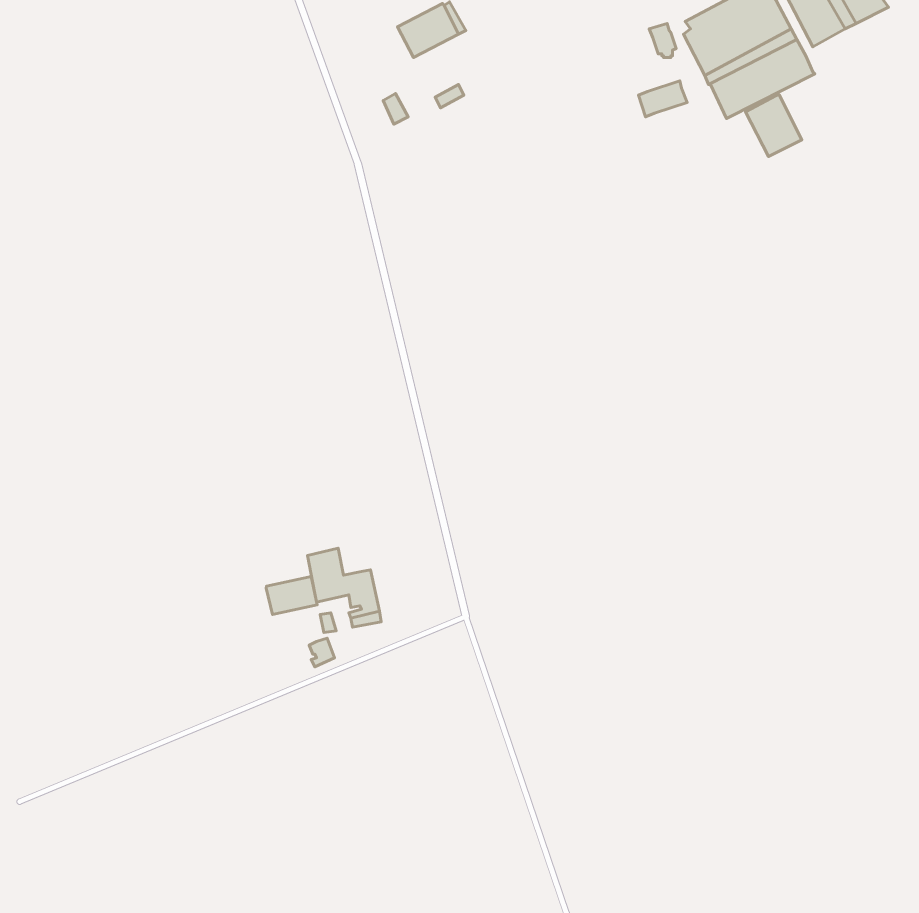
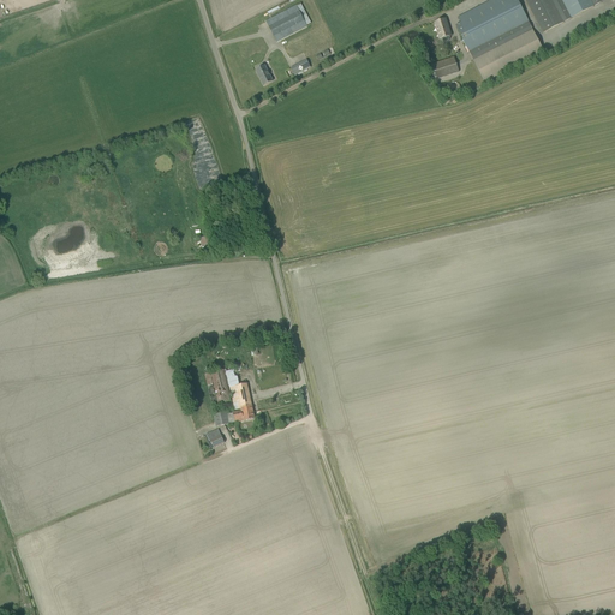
building: [746,95,802,157] -> none
building: [266,576,317,614] -> none

